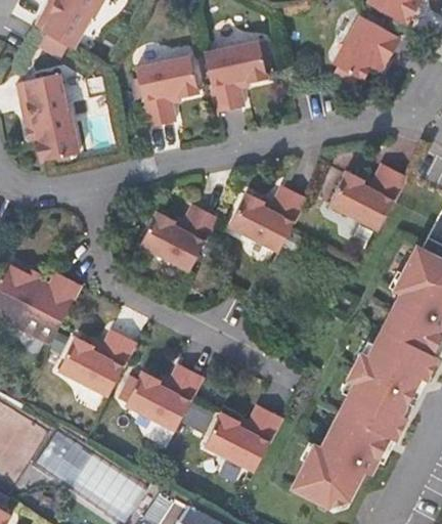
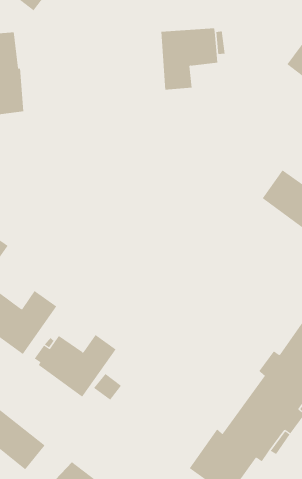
building: [135,55,197,125] -> none
building: [229,187,305,252] -> none
building: [138,205,216,269] -> none
building: [204,404,280,471] -> none

